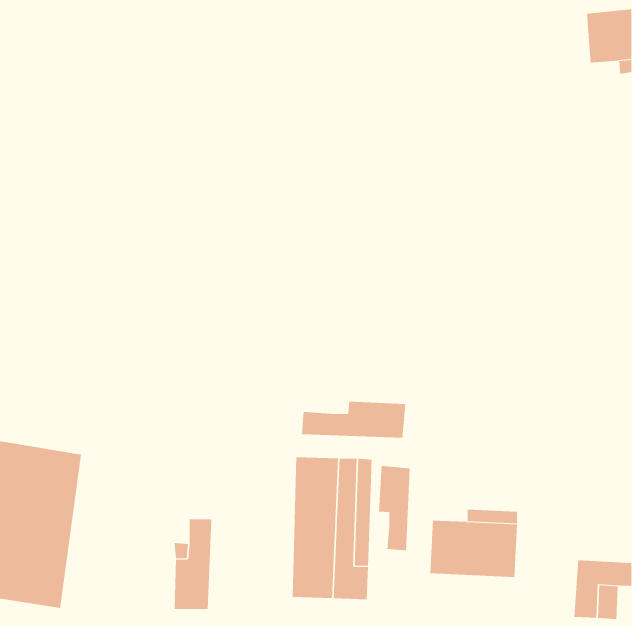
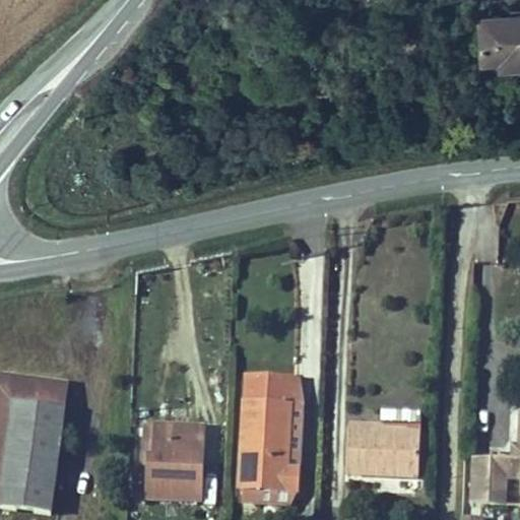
building: [301,401,406,438] -> none
building: [379,465,410,551] -> none
building: none -> [171,431,201,507]

